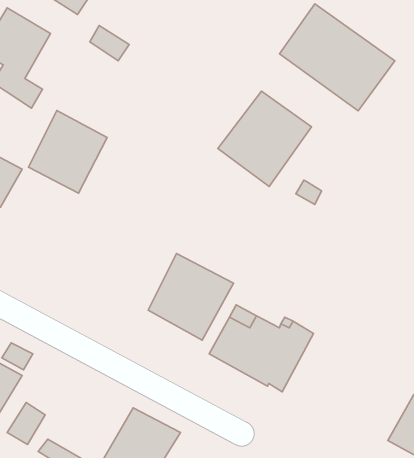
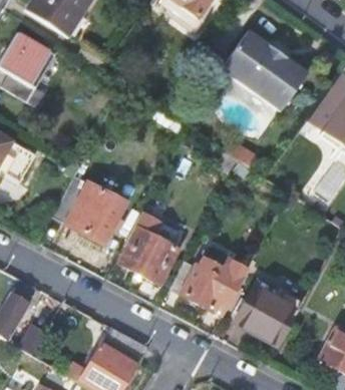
building: [218,91,312,186] -> none
building: [28,110,107,193] -> [65,181,123,243]
building: none -> [234,276,302,345]

